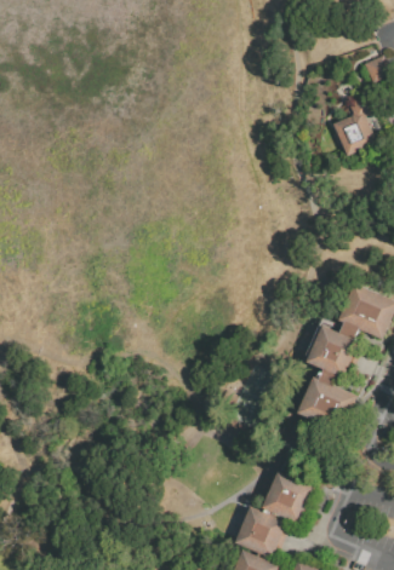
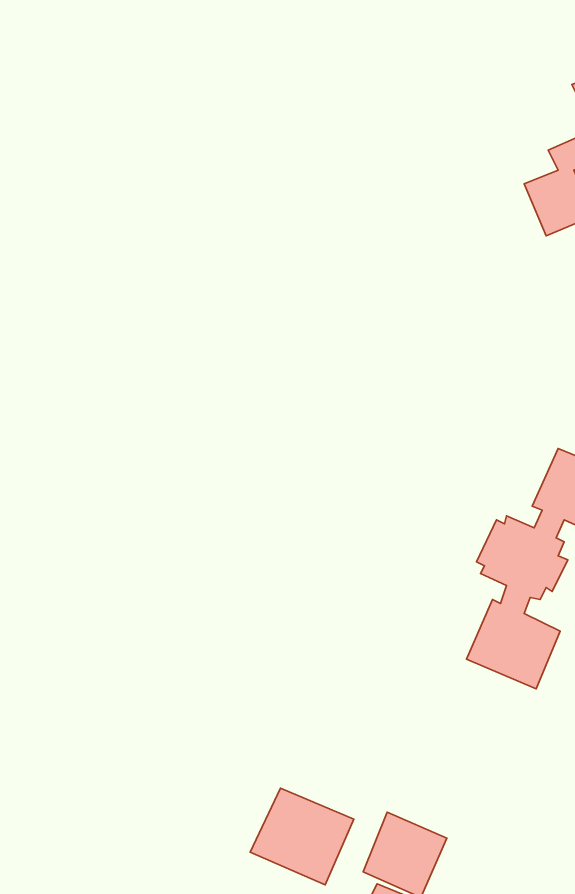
building: [262,472,313,523] -> none
building: none -> [250,788,354,885]

